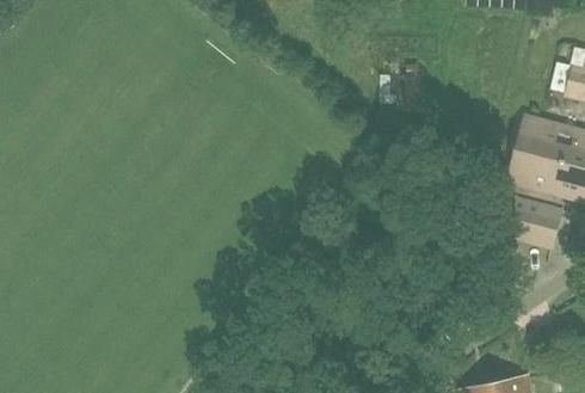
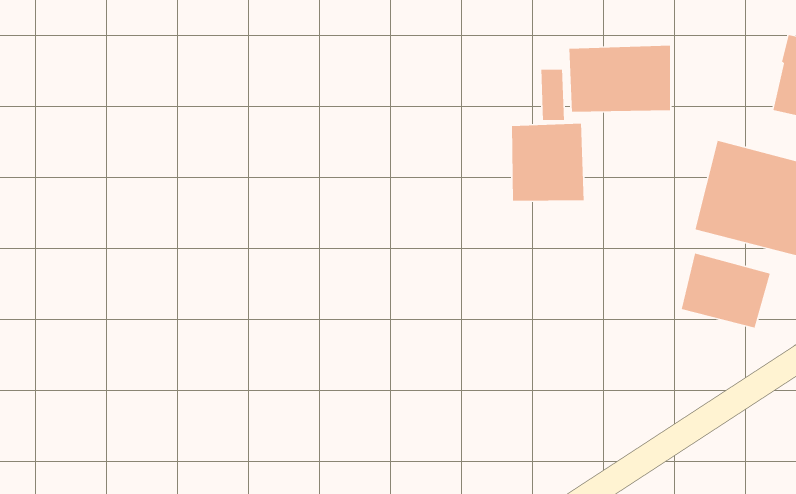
building: none -> [568,45,671,113]
building: none -> [511,123,584,202]

